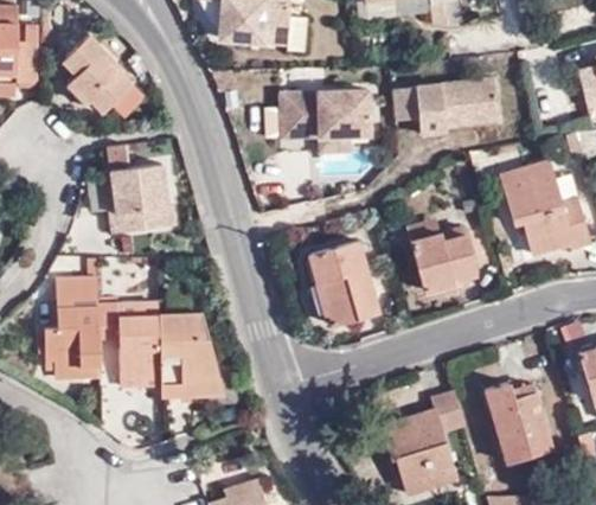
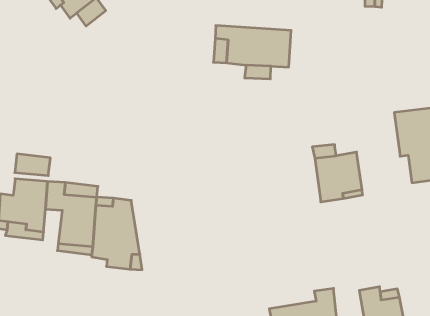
building: [392,79,499,135] -> none
building: [110,165,174,234] -> none
building: [306,243,376,325] -> none

